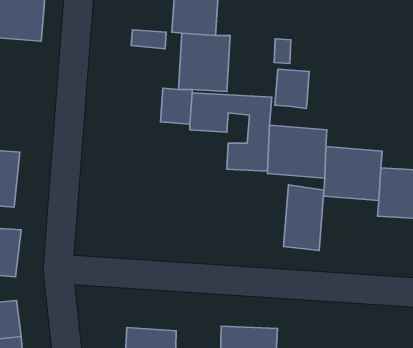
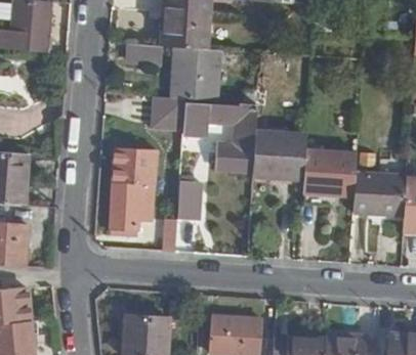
building: [275,69,309,108] -> none
building: none -> [112,143,158,236]
building: none -> [177,179,200,219]
building: [284,185,324,250] -> none

